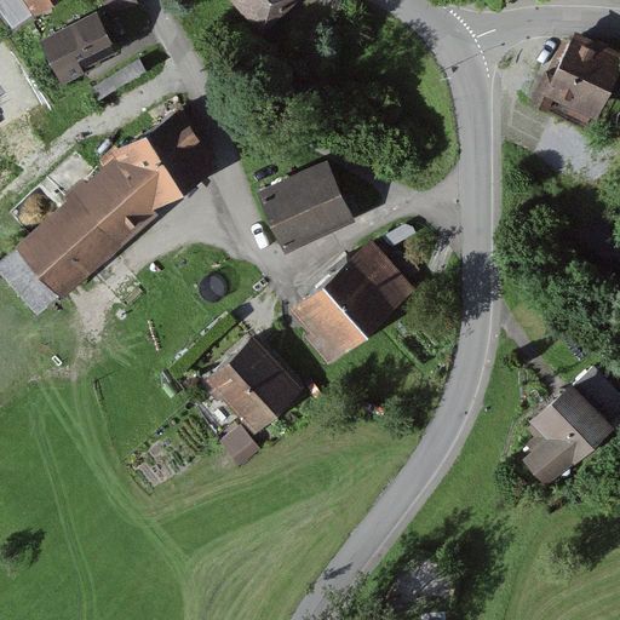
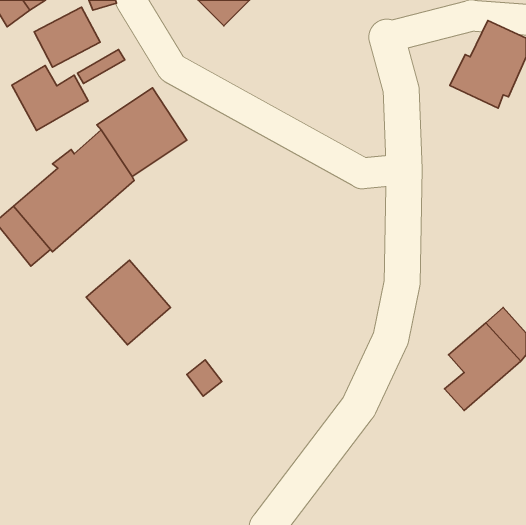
building: none -> [12,66,88,131]
building: [257,159,355,252] -> none
building: [289,237,417,364] -> none
building: [205,334,304,434] -> [86,260,171,345]

